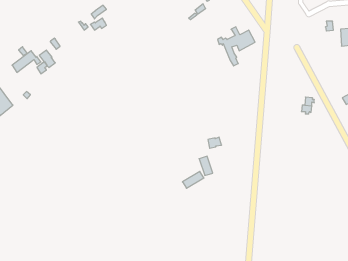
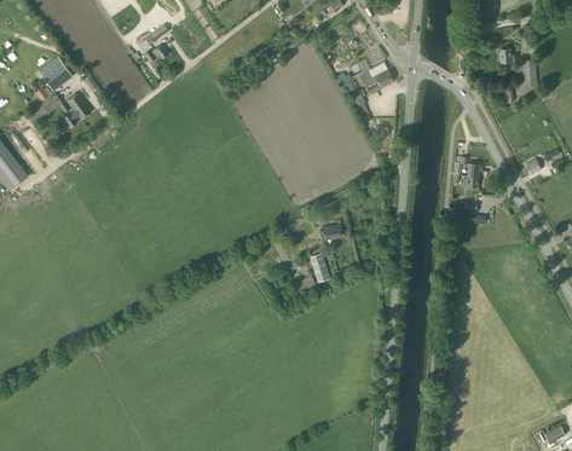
building: none -> [37,56,73,91]

